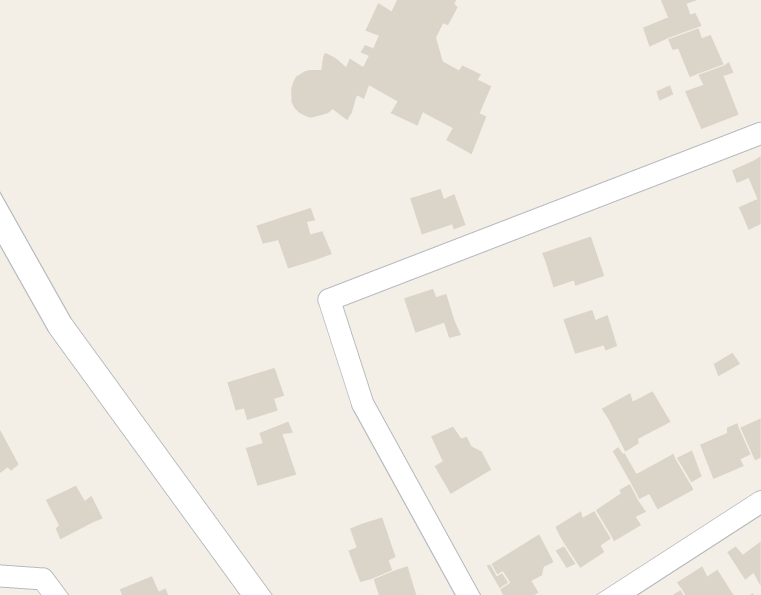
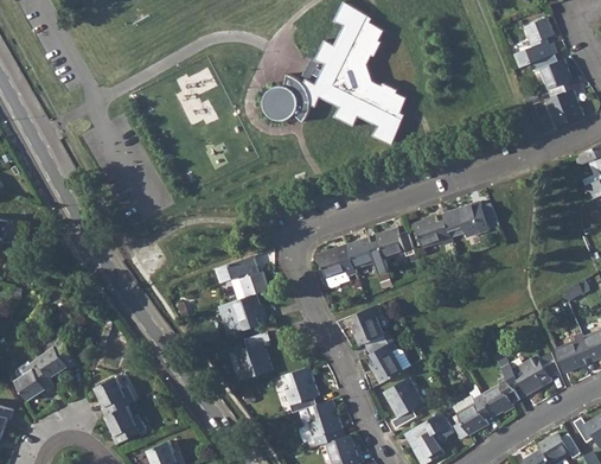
building: [409,188,466,235] -> [375,228,415,261]
building: [256,207,333,269] -> [215,256,269,300]
building: none -> [315,246,356,287]
building: [563,309,618,355] -> [414,216,453,248]
building: none -> [349,306,382,345]
building: [601,390,672,453] -> none
building: none -> [284,367,319,413]
building: none -> [383,379,422,428]
building: none -> [104,405,146,445]

